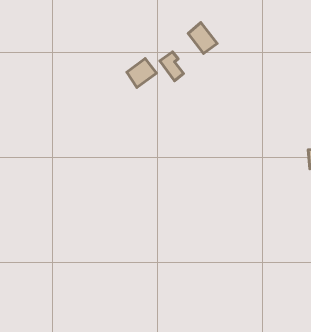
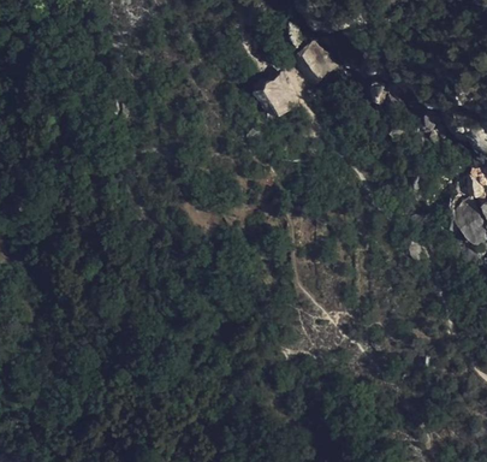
building: [127,59,157,87] -> none

